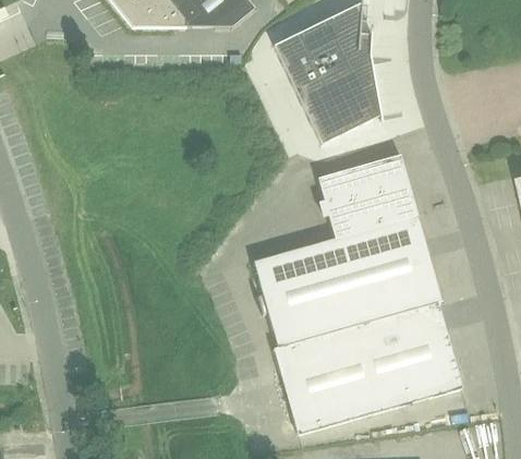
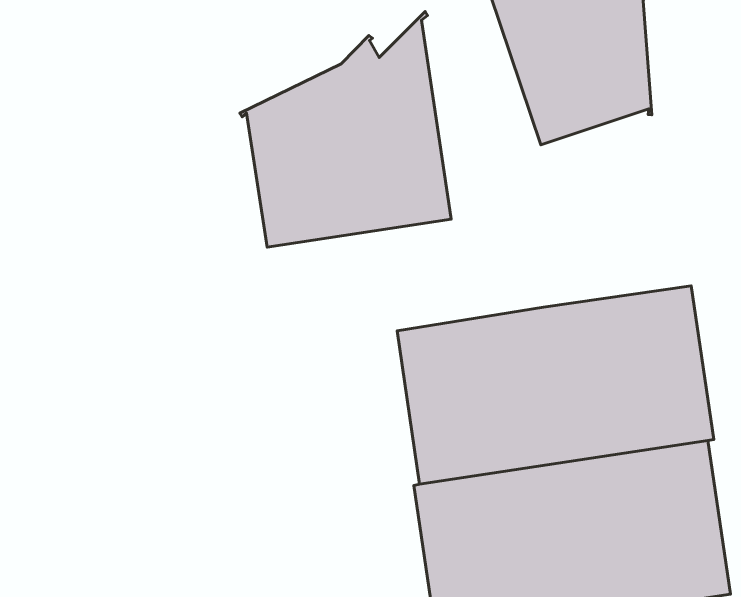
building: none -> [240,12,451,247]
building: [318,153,417,235] -> none

